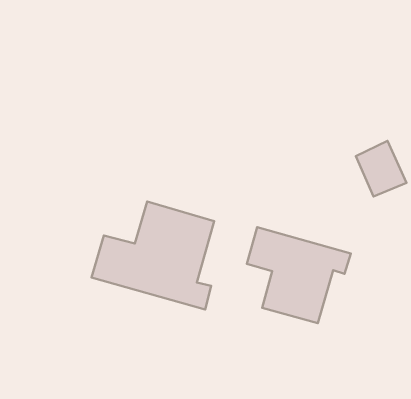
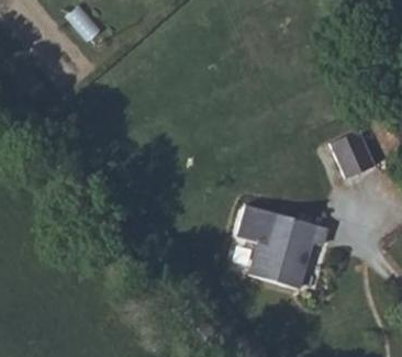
building: [92,202,214,310] -> none

